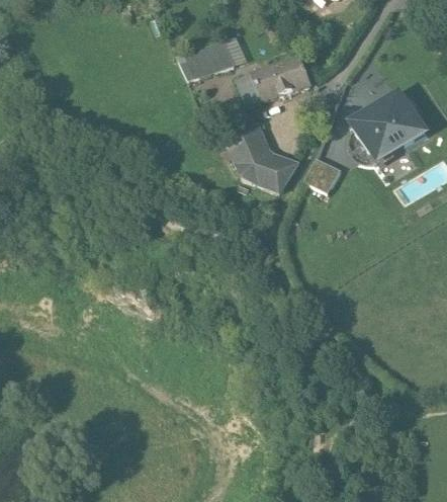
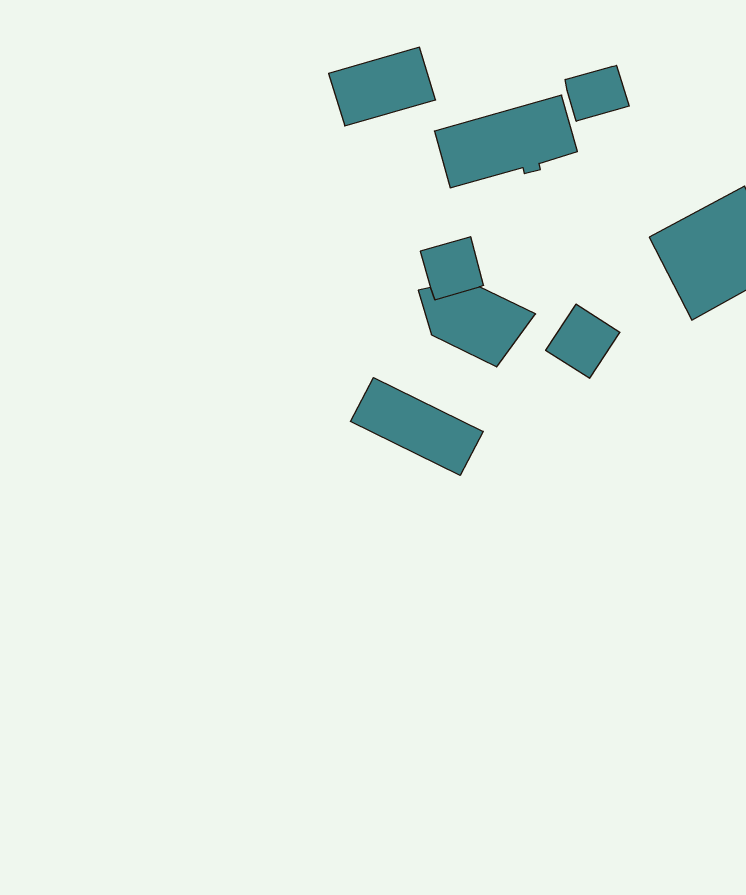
building: none -> [565,65,629,121]
building: none -> [350,378,483,475]

